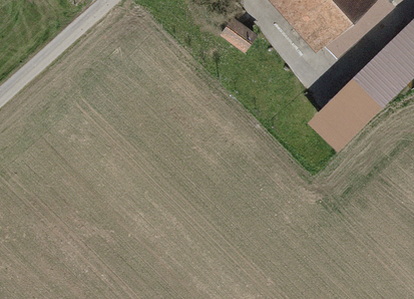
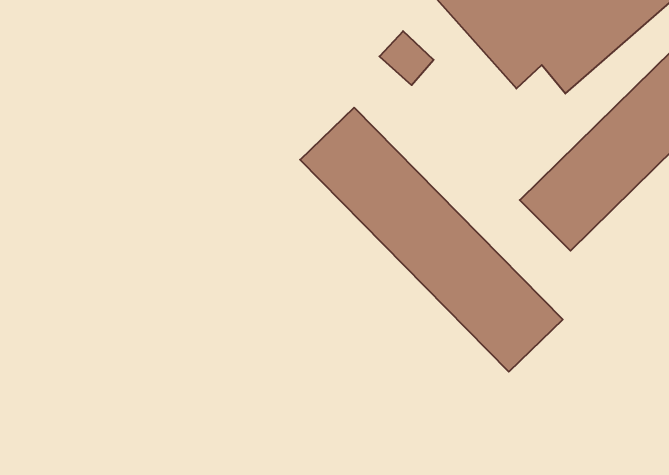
building: none -> [300,108,563,372]

